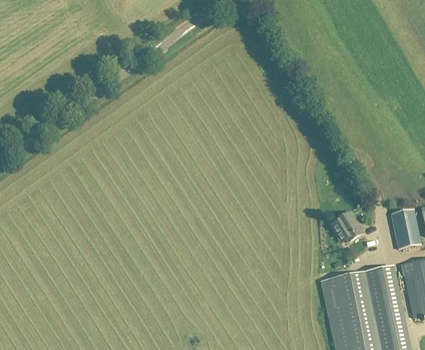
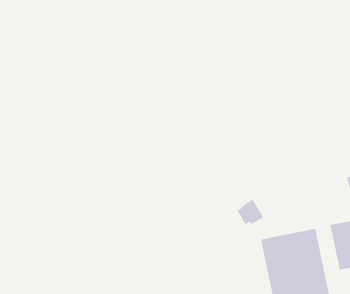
building: [391,209,420,248] -> none
building: [330,210,362,241] -> [236,198,264,225]

